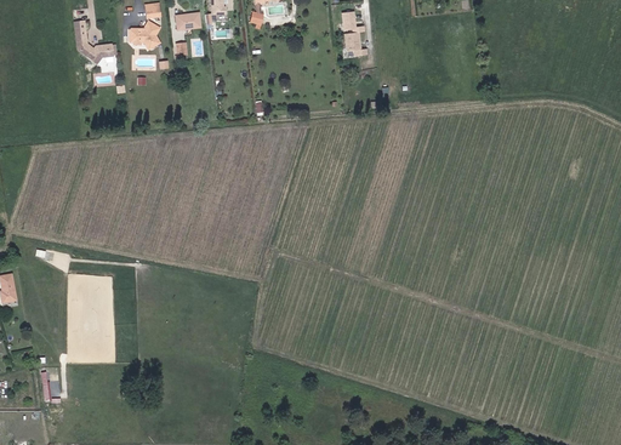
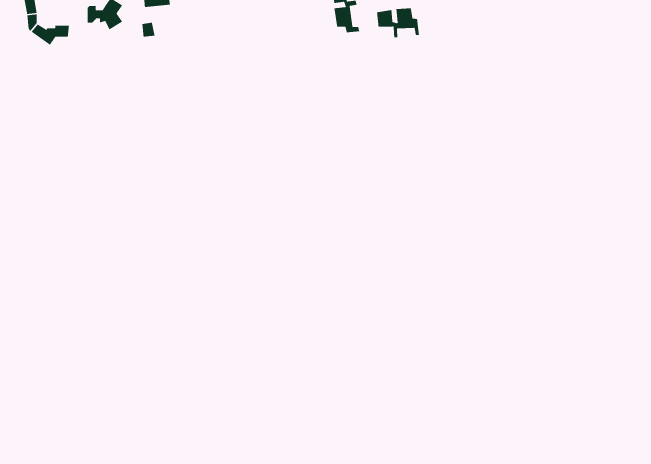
building: none -> [376,8,420,38]

